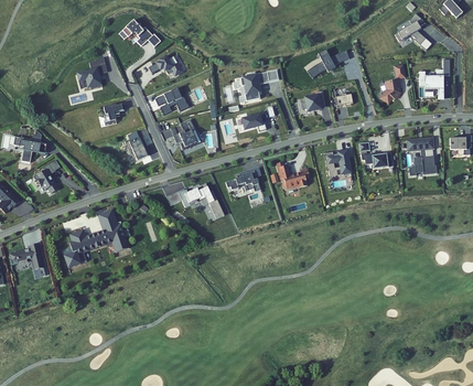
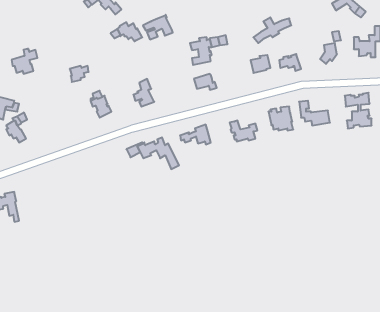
building: [77,62,106,89] -> [12,49,37,74]
building: [154,87,187,115] -> [143,15,173,39]
building: [64,208,128,267] -> none

